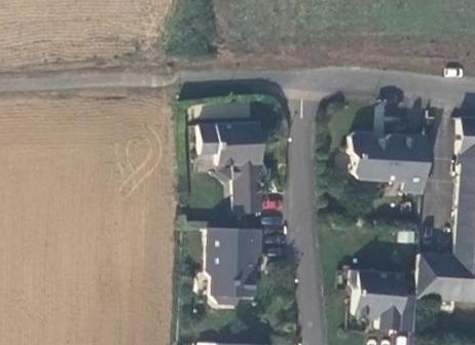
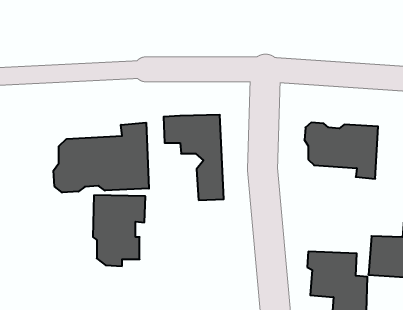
building: none -> [54,123,149,193]
building: [208,230,263,305] -> [93,195,145,266]

